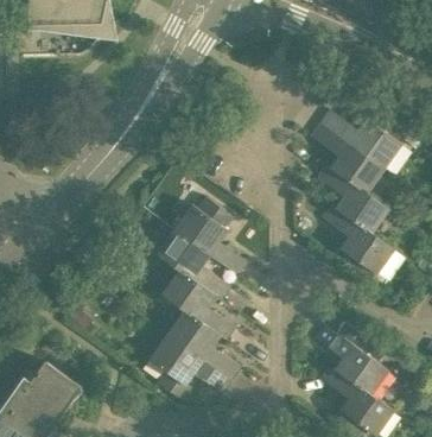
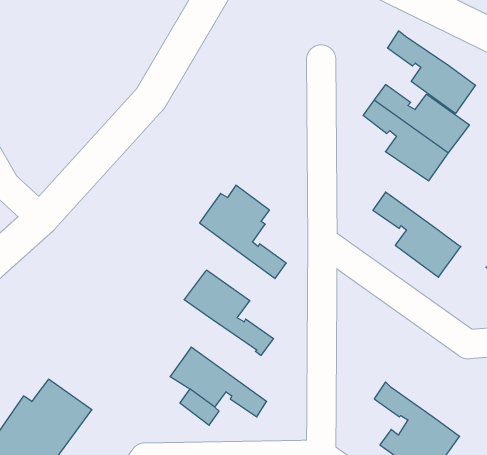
building: [315,163,389,233] -> [387,31,476,113]
building: [154,228,229,299] -> none
building: [165,310,240,380] -> none
building: [315,324,388,394] -> none

